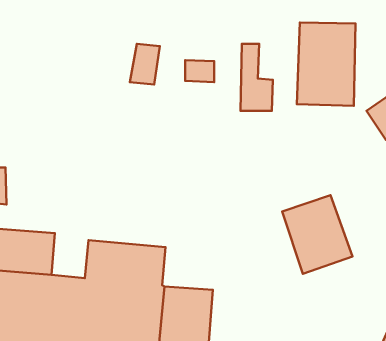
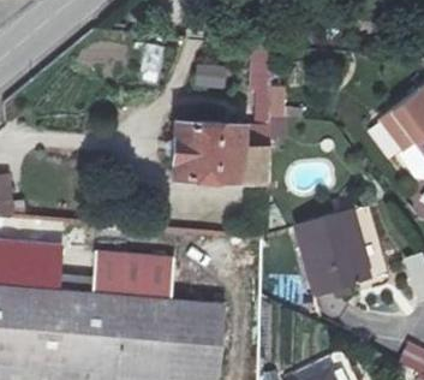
building: [297,23,355,106] -> none
building: none -> [172,107,269,184]

